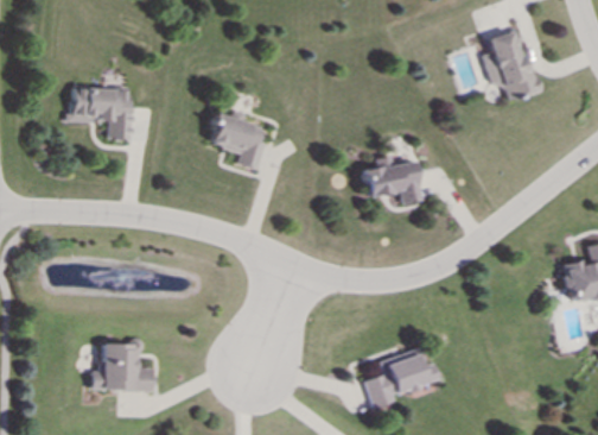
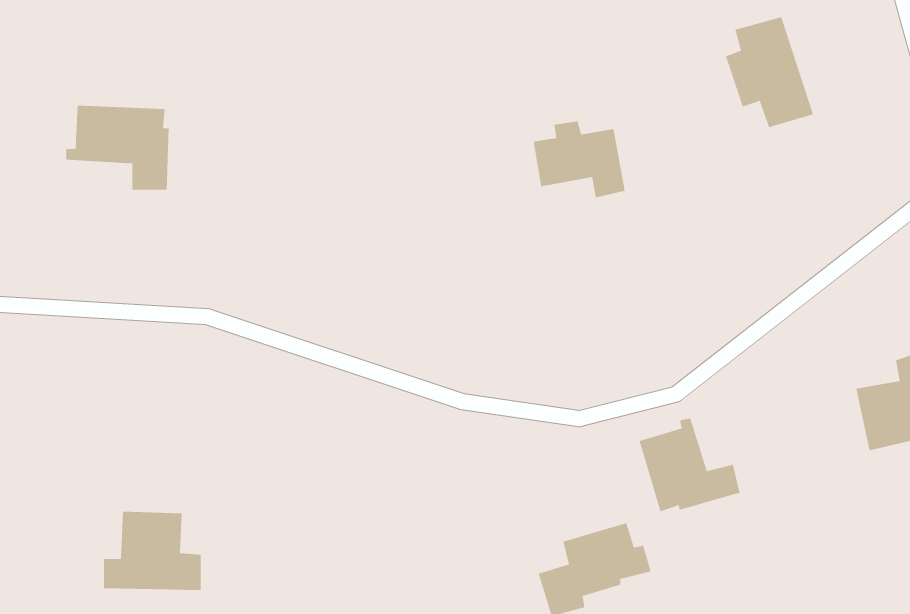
building: [209,113,263,169] -> none
building: [362,156,420,204] -> [533,121,625,198]
building: none -> [639,417,740,512]

